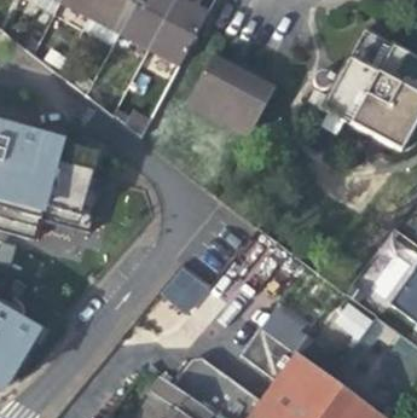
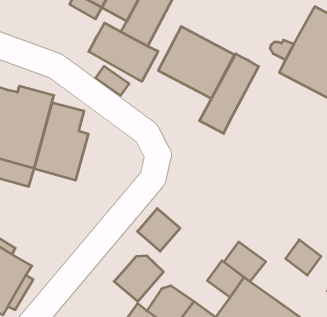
building: none -> [89,23,158,81]
building: none -> [199,54,259,134]
building: none -> [114,256,163,301]

